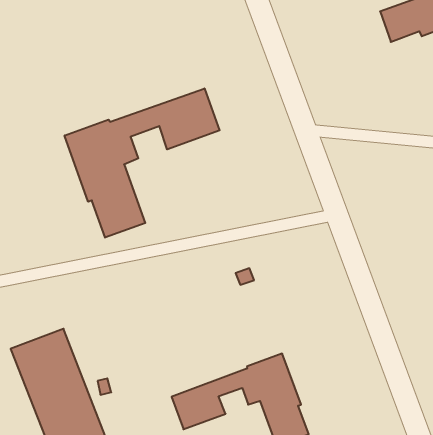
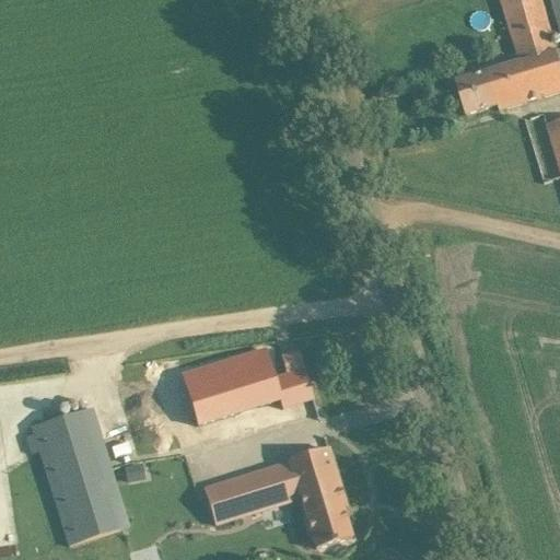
building: [65,88,220,238] -> none
building: none -> [182,348,312,424]

